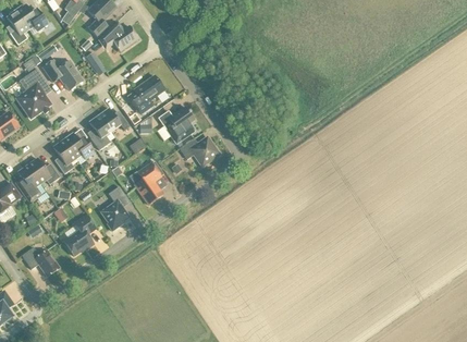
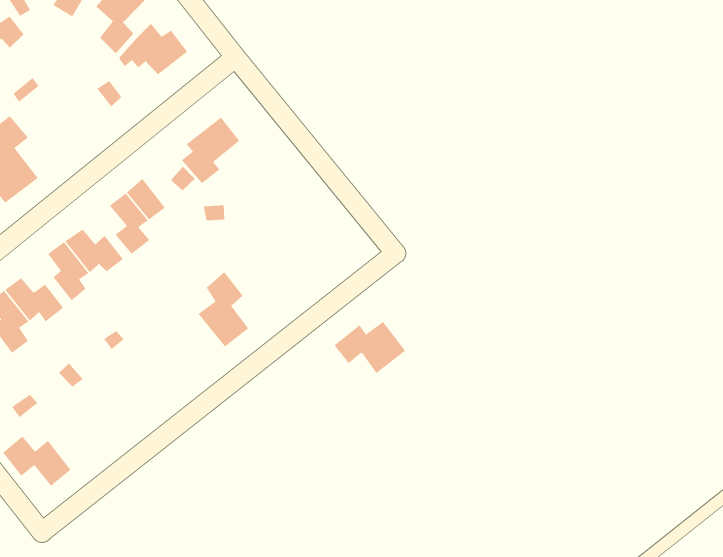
building: [42,59,83,89] -> none
building: [157,106,194,143] -> none
building: [179,136,219,166] -> [334,321,406,374]
building: [100,185,128,230] -> none
building: [63,213,96,255] -> none

